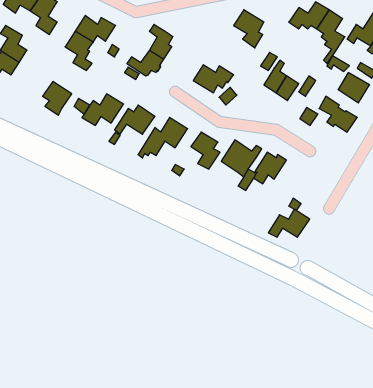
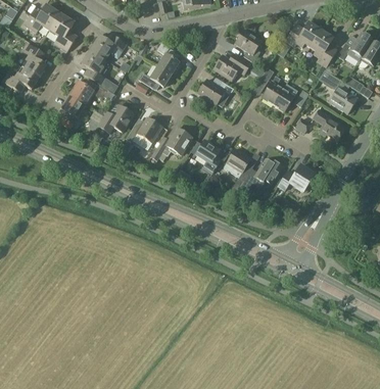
building: none -> [215,51,251,80]
building: none -> [70,77,109,105]
building: [268,209,310,237] -> [277,164,315,190]

